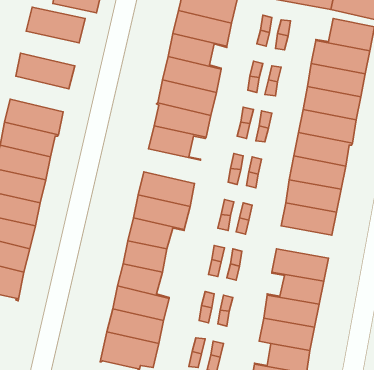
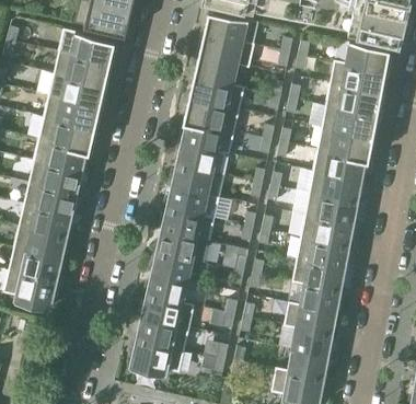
building: none -> [54,51,109,84]
building: none -> [44,94,100,128]
building: none -> [171,163,224,196]
building: none -> [297,236,349,267]

